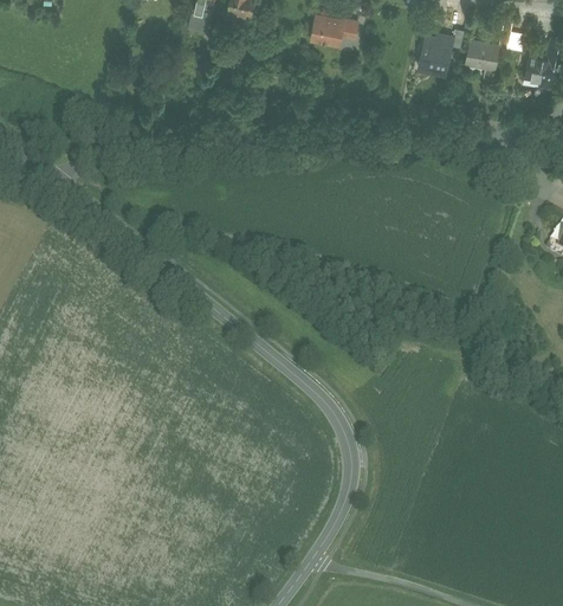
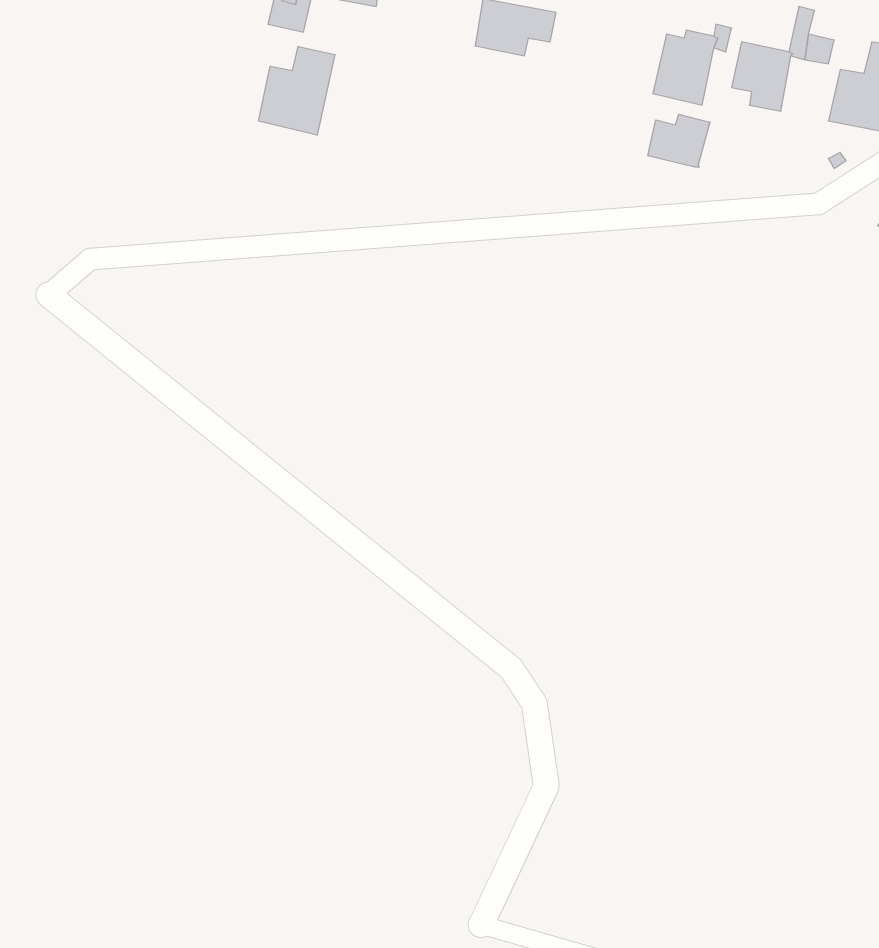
building: none -> [259,46,335,135]
building: none -> [648,114,710,167]

